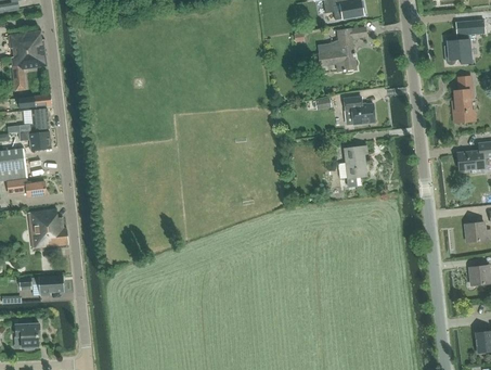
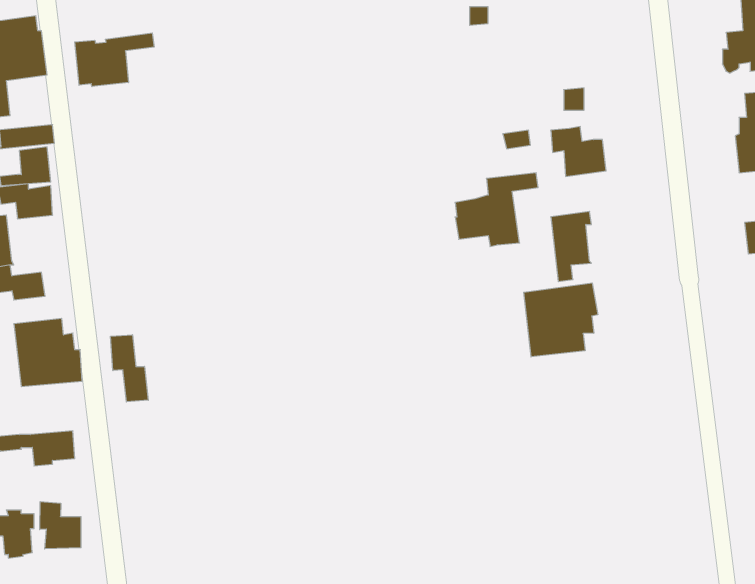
building: [316,27,365,71] -> [455,173,538,247]
building: none -> [75,33,154,87]
building: none -> [524,283,598,357]
building: none -> [111,335,148,402]
building: none -> [40,502,81,549]

